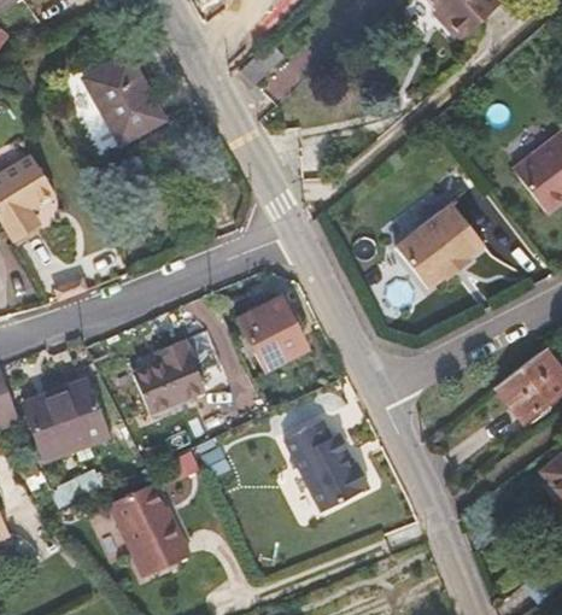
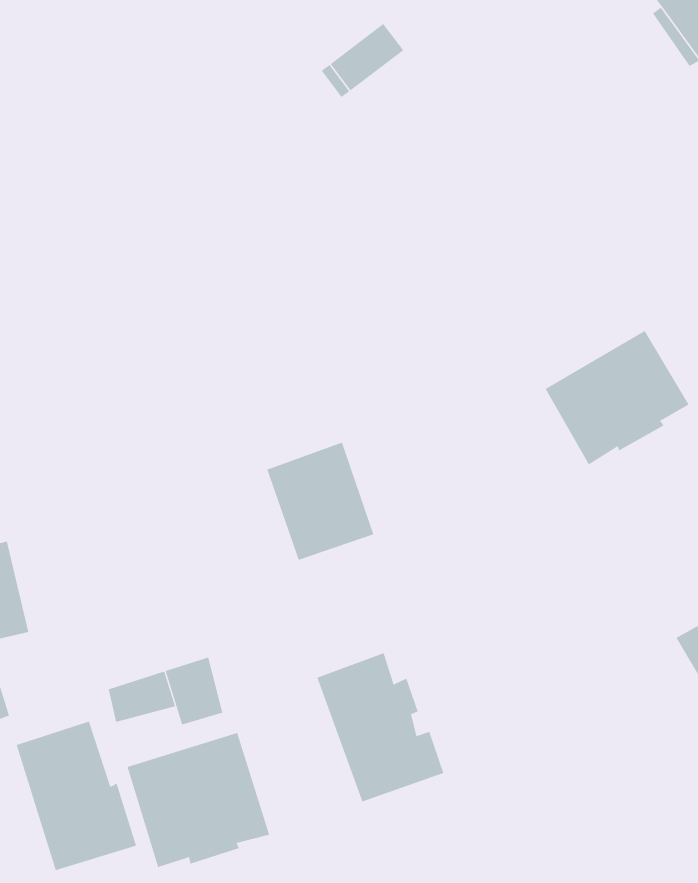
building: [82,52,165,144] -> none
building: [131,339,205,414] -> none
building: none -> [127,732,270,868]

